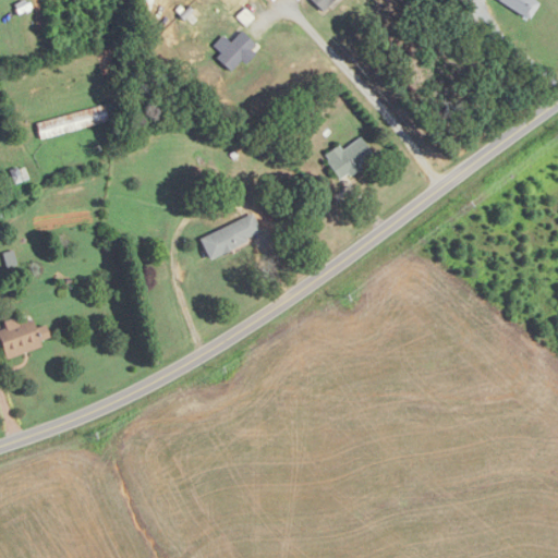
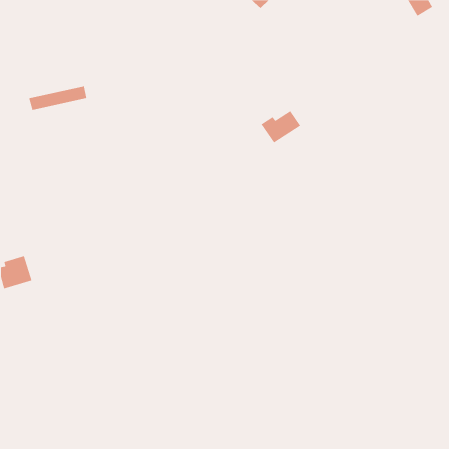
building: [214,29,257,72] -> none
building: [201,215,263,257] -> none

